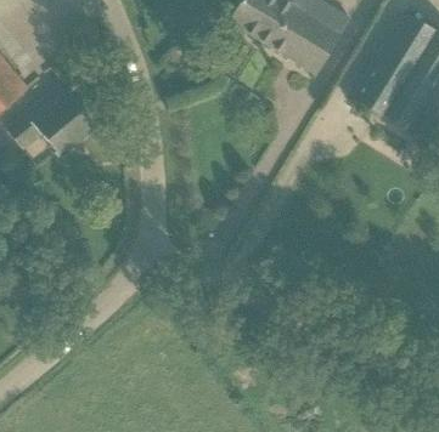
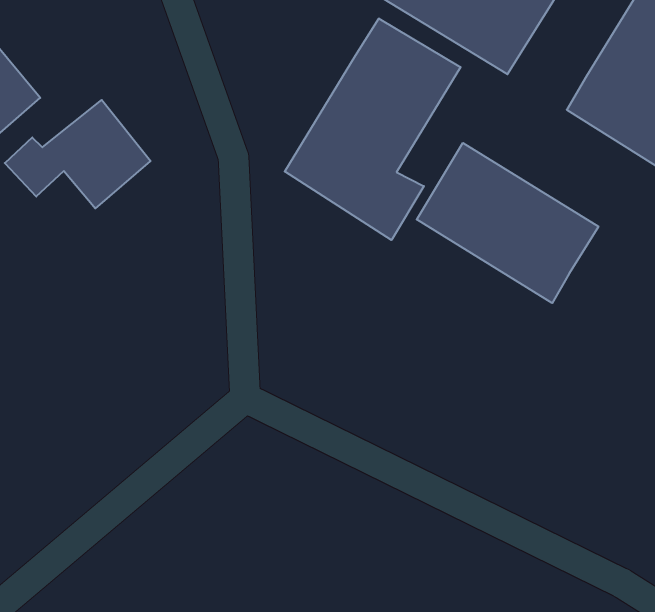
building: none -> [285,18,461,240]
building: none -> [417,143,598,303]

